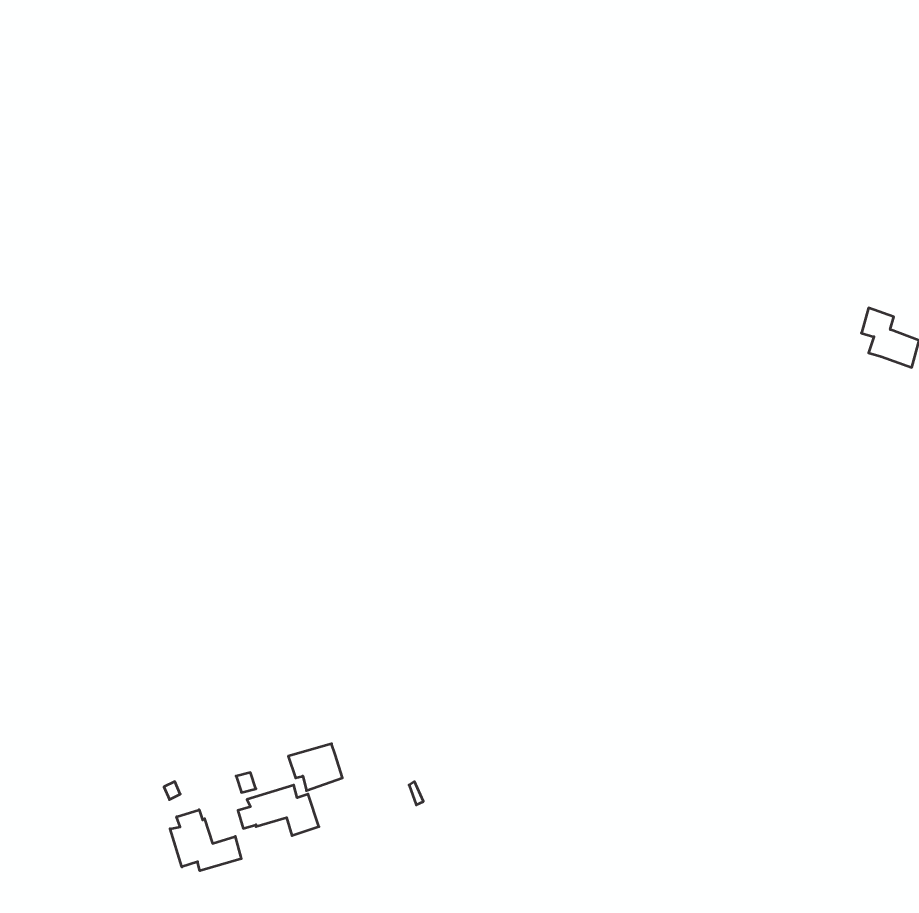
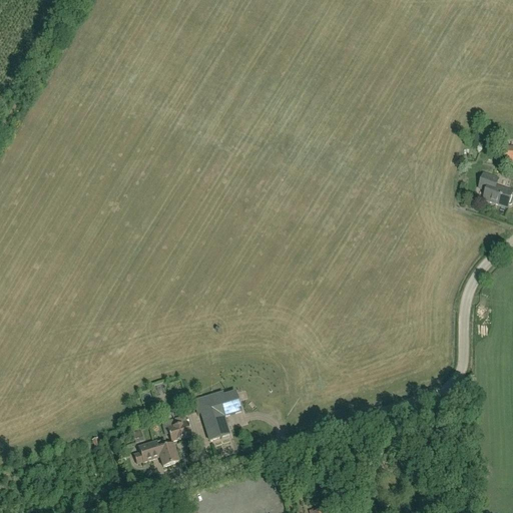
building: none -> [197,390,239,438]
building: [170,810,241,871] -> none

